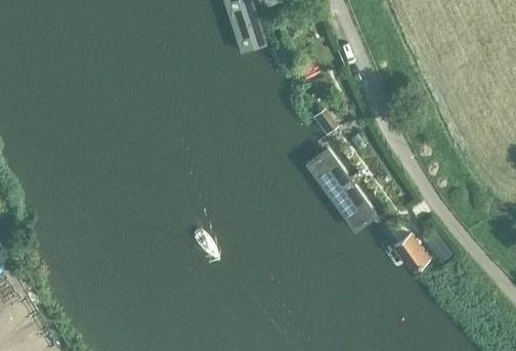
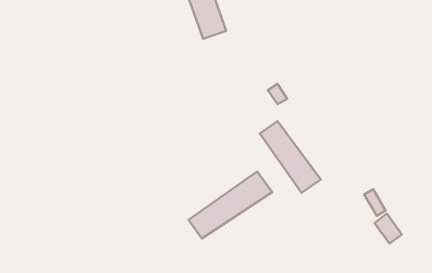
building: none -> [189,172,272,239]
building: [396,232,428,267] -> [375,213,402,243]

